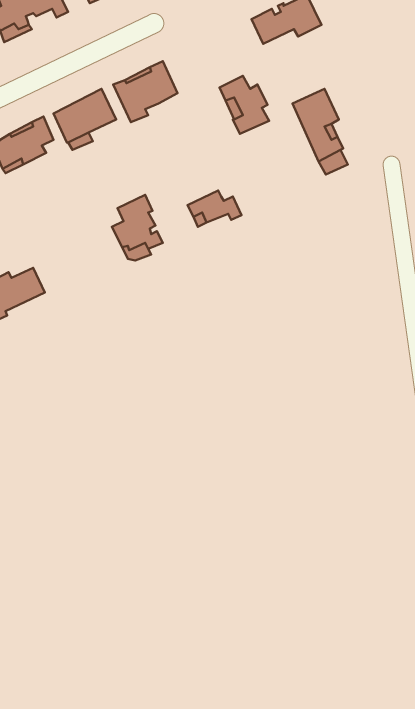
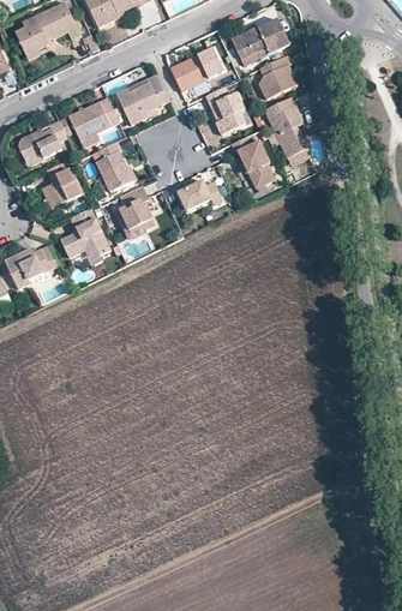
building: none -> [173,48,223,91]
building: none -> [259,53,298,97]
building: none -> [232,136,275,186]
building: none -> [96,142,133,190]
building: none -> [42,161,84,206]
building: none -> [61,208,110,265]

